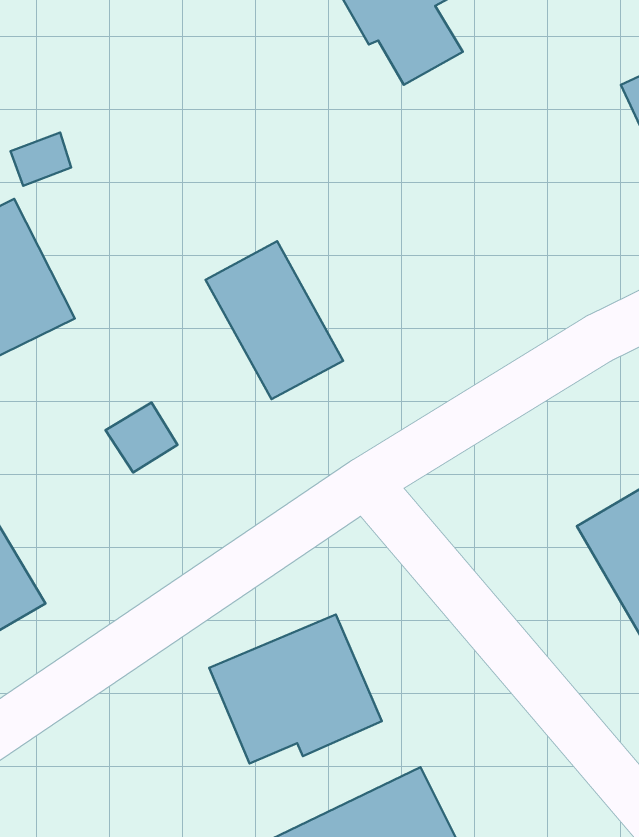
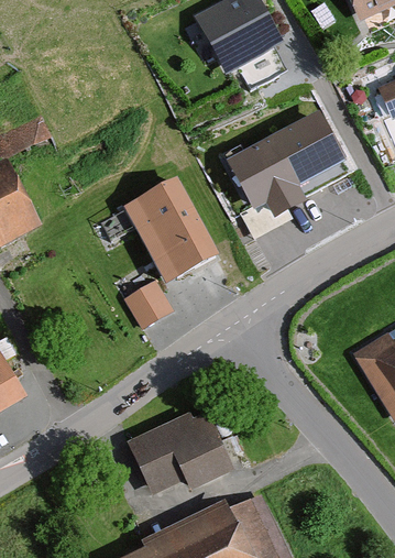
building: none -> [227,114,337,236]
building: [106,402,177,472] -> [122,283,165,325]

